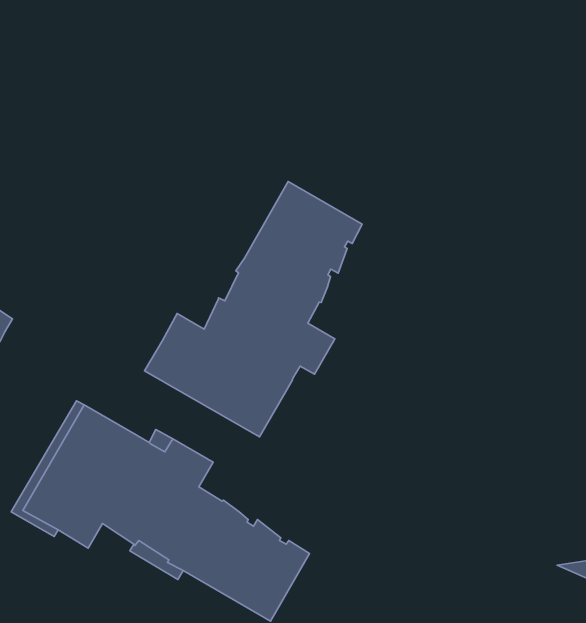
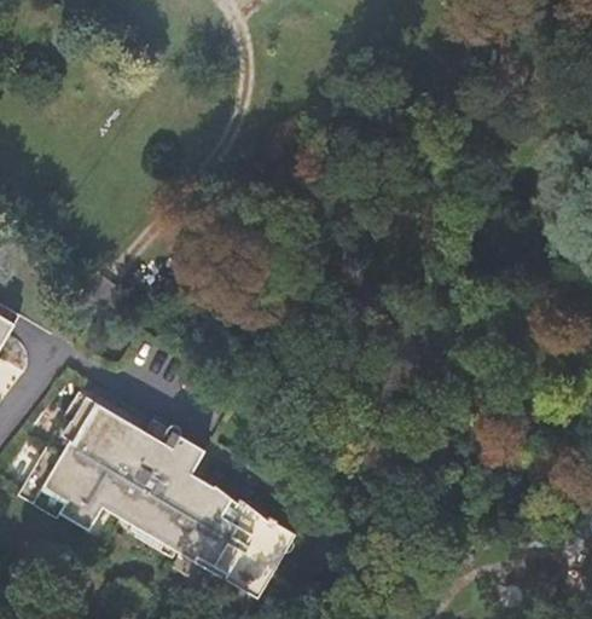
building: [144,182,362,437] -> none

